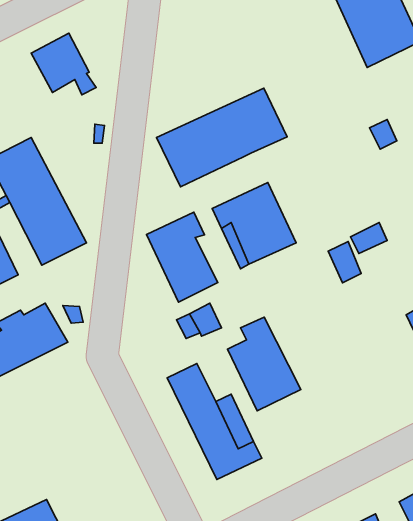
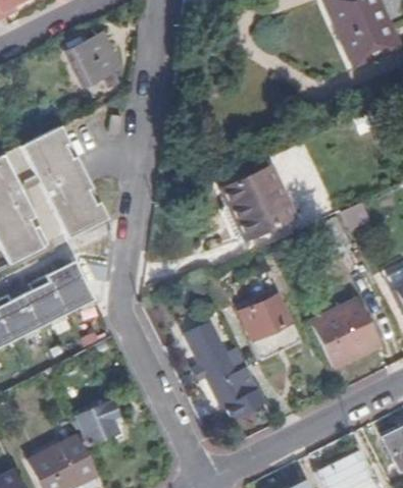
building: [157,88,287,187] -> none
building: [147,212,218,302] -> none
building: none -> [309,299,377,366]
building: none -> [74,396,123,443]

